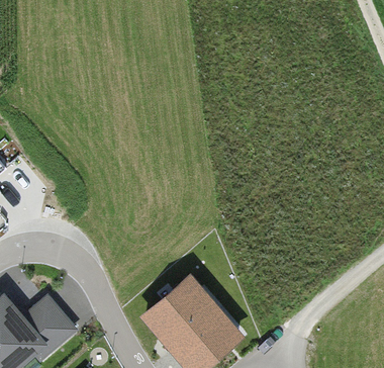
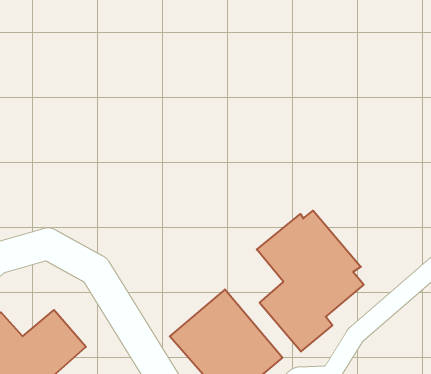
building: none -> [257,211,364,352]

